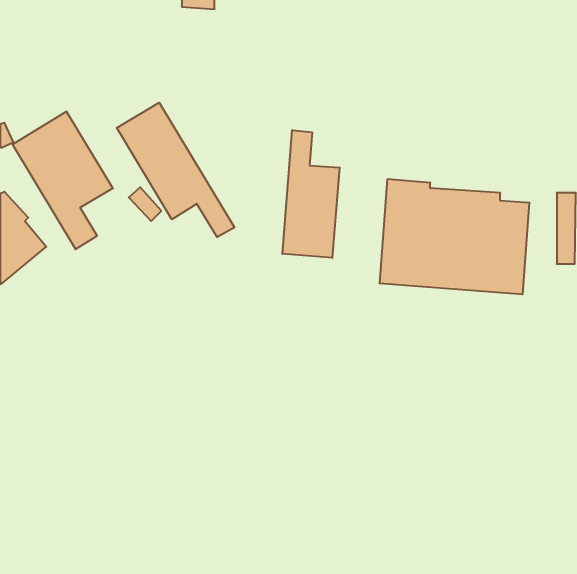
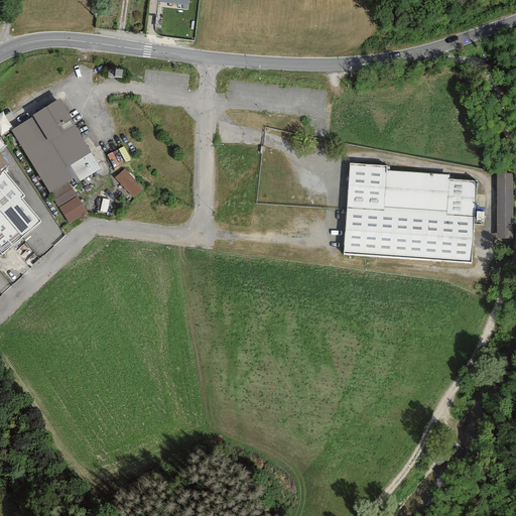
building: [117,103,234,237] -> none
building: [282,130,339,258] -> none

